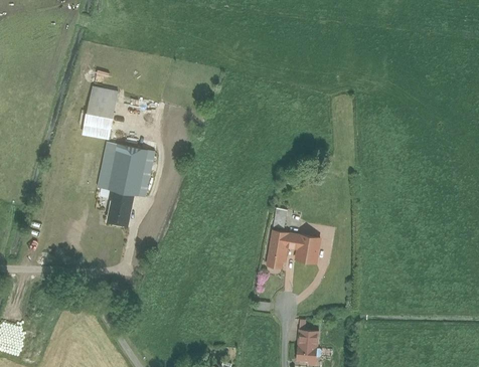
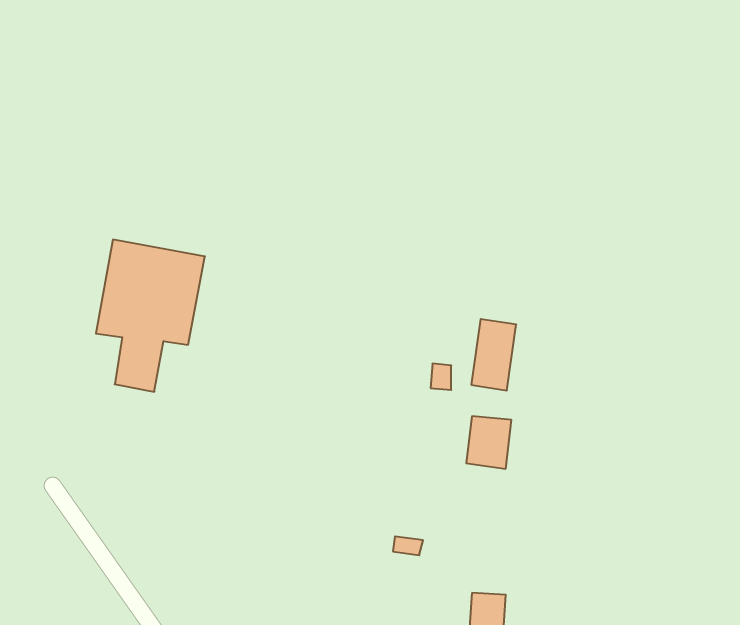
building: [83,84,117,140] -> none
building: [265,230,289,268] -> [471,319,516,390]

